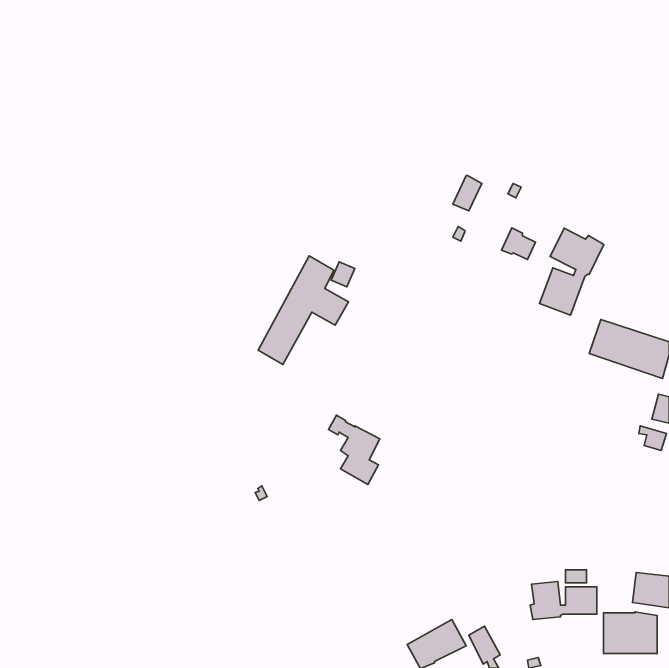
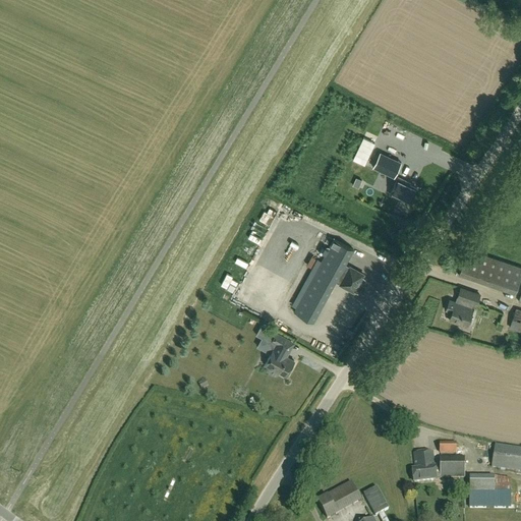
building: none -> [372,152,401,176]
building: [539,228,604,315] -> none
building: [258,256,348,365] -> [294,238,364,323]
building: none -> [447,288,480,326]

